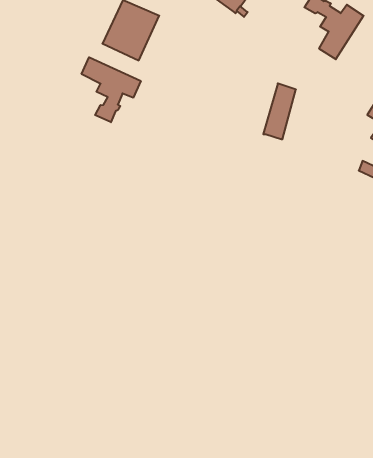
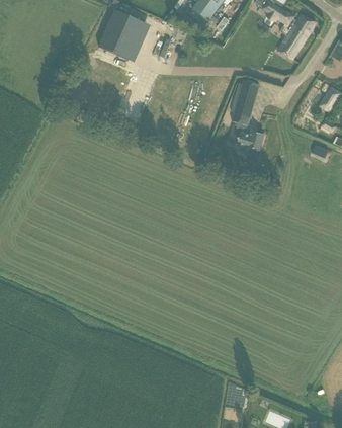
building: [82,57,141,122] -> none
building: none -> [229,130,264,150]

